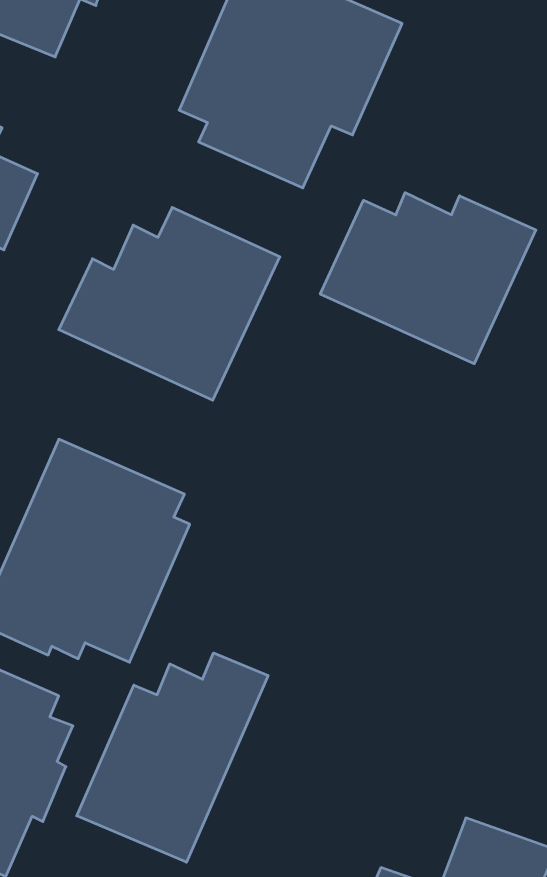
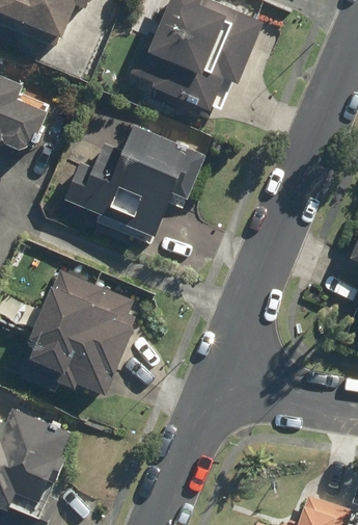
building: [320,193,536,364] -> none
building: [77,653,268,862] -> none

